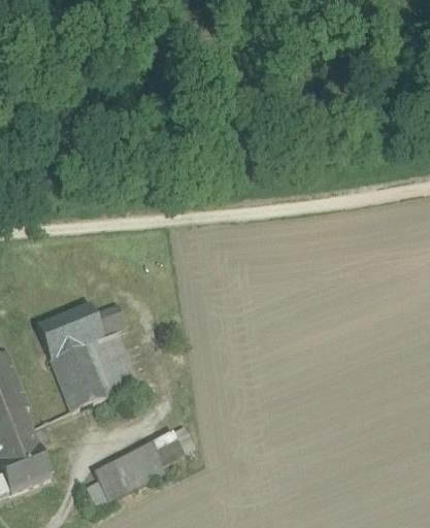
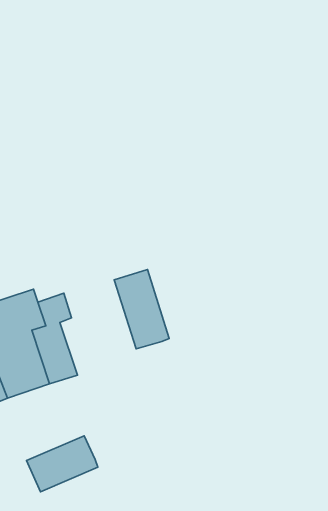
building: none -> [114,270,169,349]
building: [148,431,184,465] -> none

